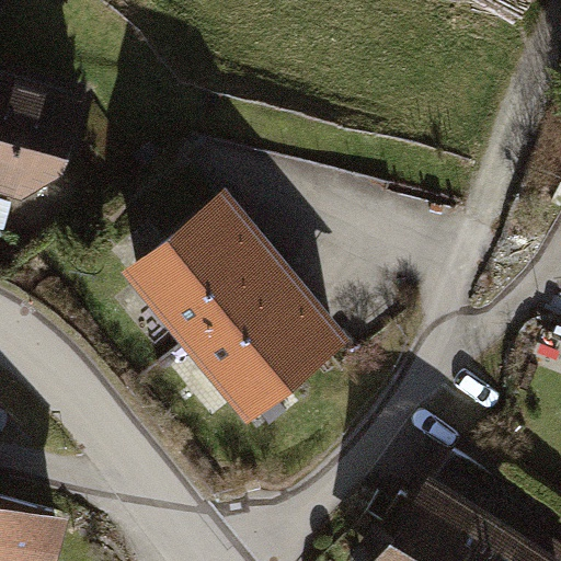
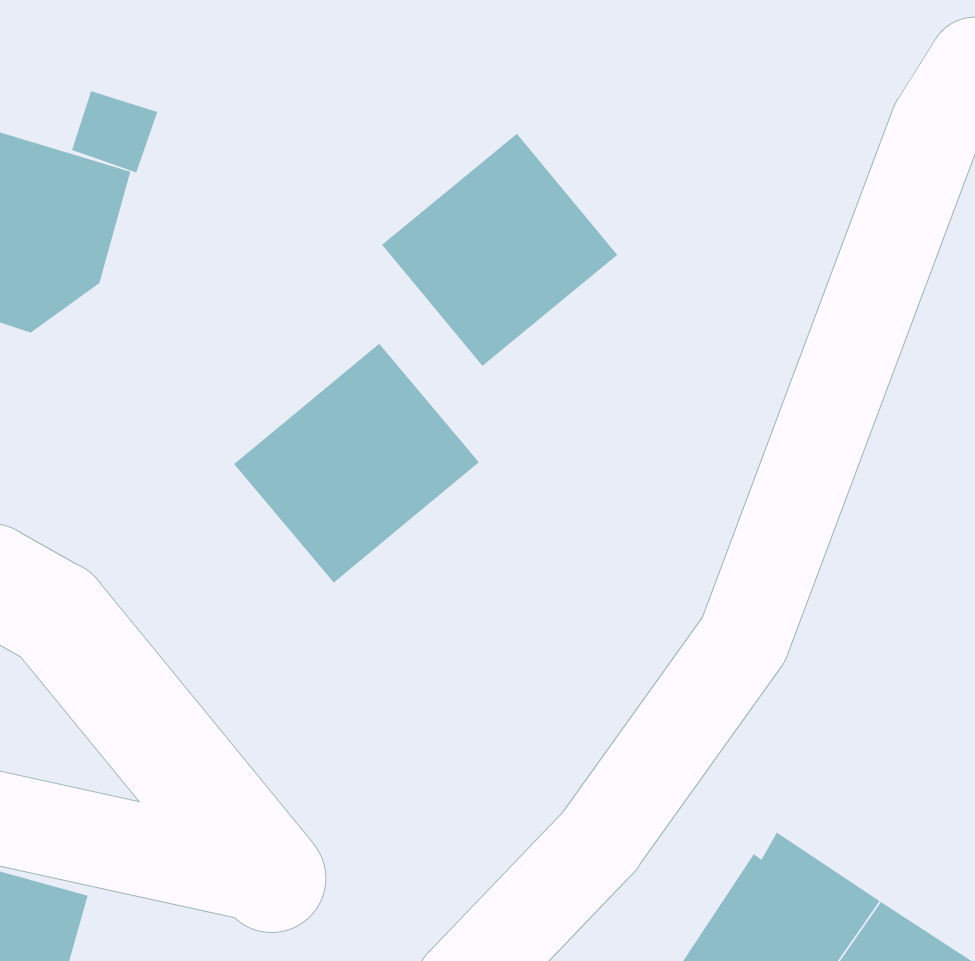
building: none -> [381,133,618,367]
building: [190,276,329,413] -> none

